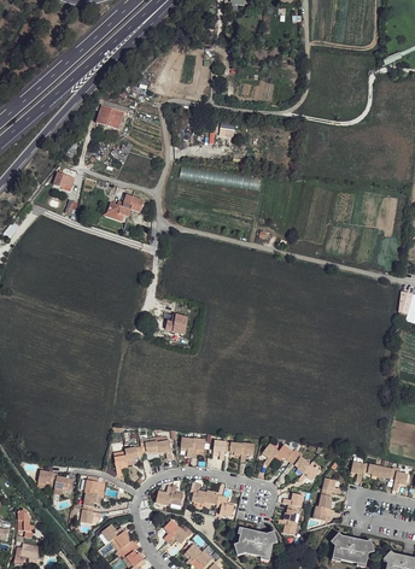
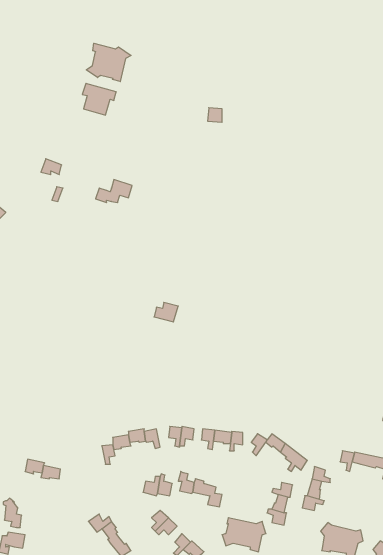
building: none -> [86,43,131,82]
building: [80,480,103,524] -> none

